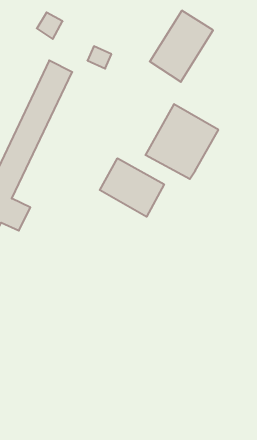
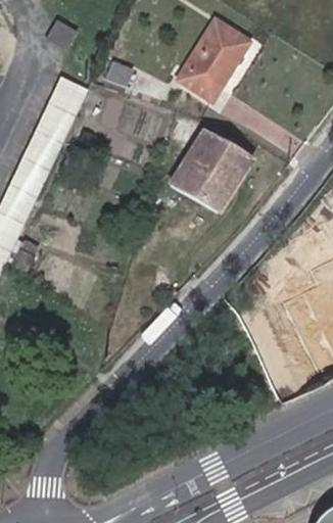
building: [100,158,164,217] -> none

